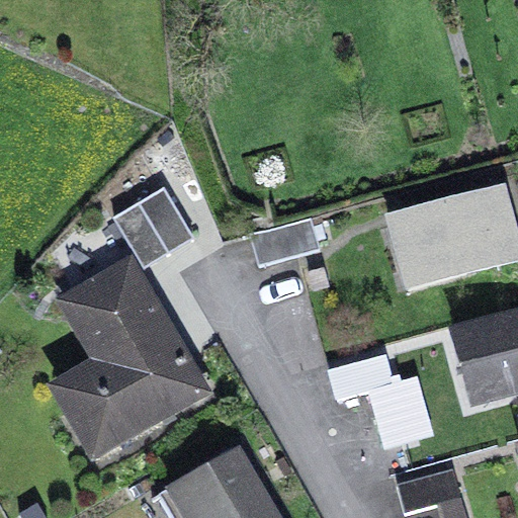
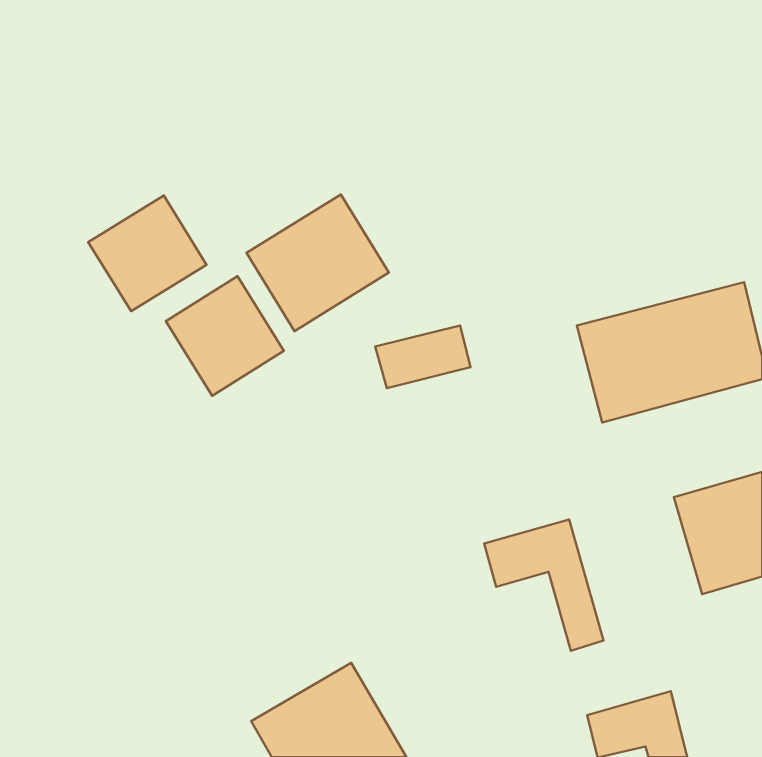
building: none -> [246,194,389,331]
building: none -> [88,196,207,311]
building: [63,265,203,456] -> none

